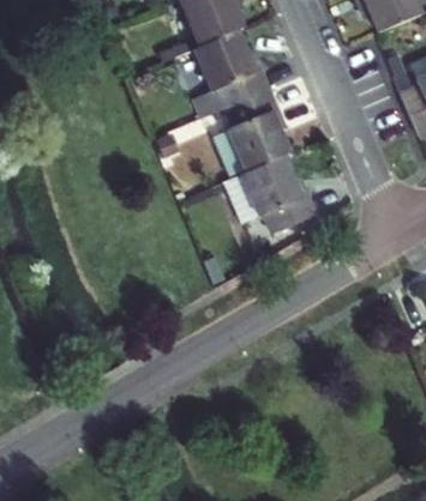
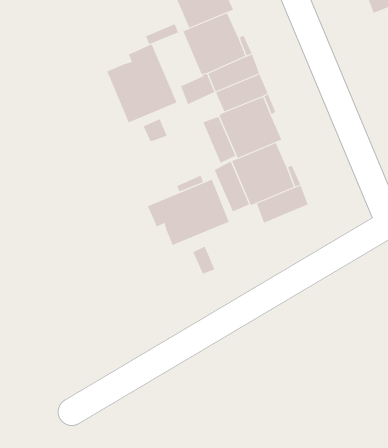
building: none -> [106,44,177,123]
building: none -> [147,179,229,246]

